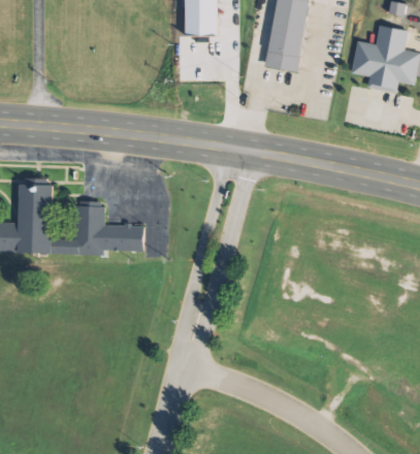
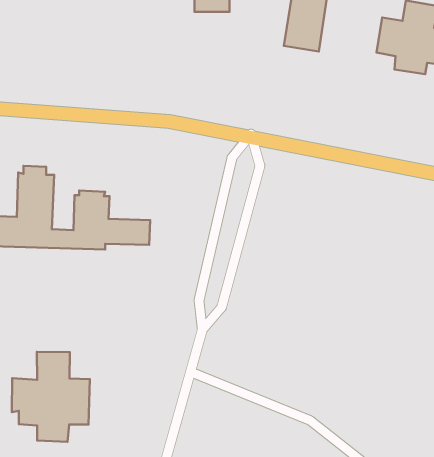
building: none -> [12,352,90,442]

